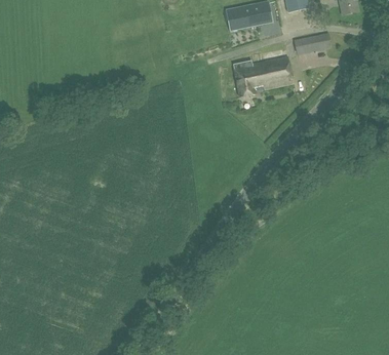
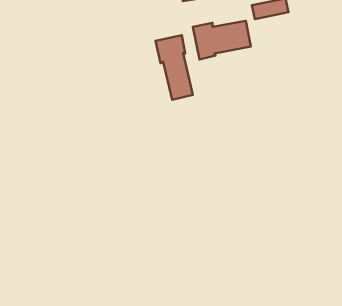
building: none -> [155,35,193,100]

